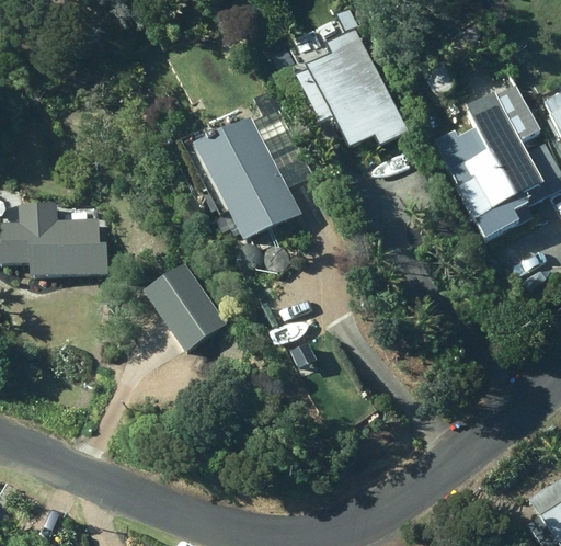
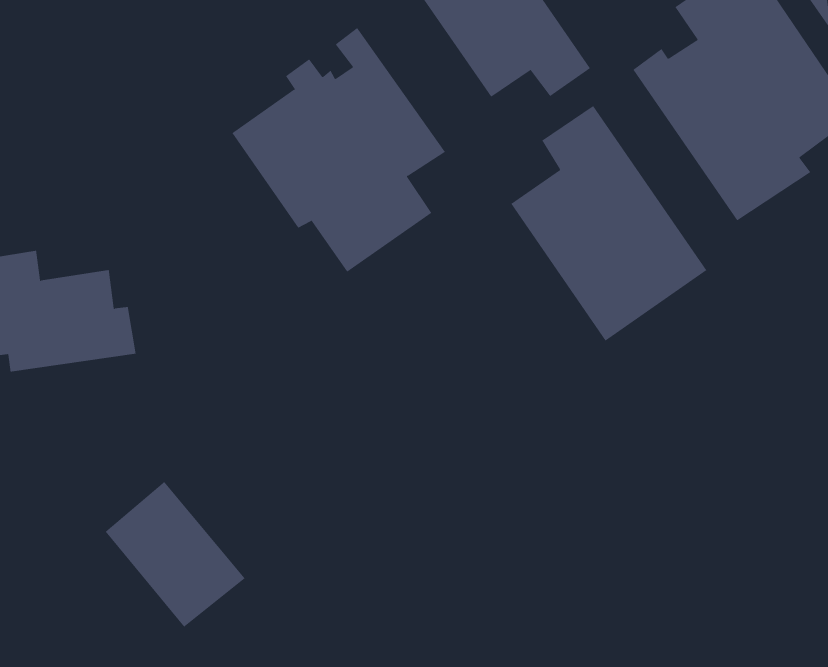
building: none -> [511,105,707,342]
building: [144,262,226,353] -> [105,481,246,627]

